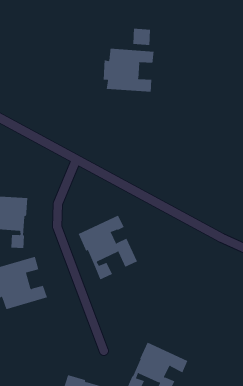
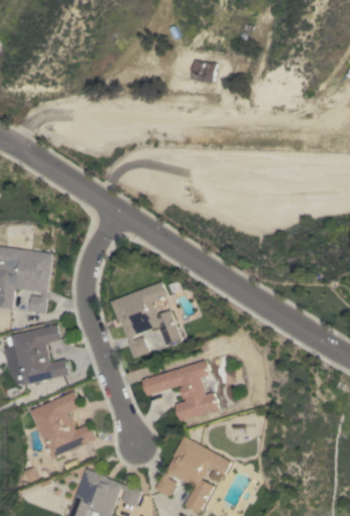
building: [103,48,154,93] -> none
building: none -> [142,361,218,421]
building: none -> [30,391,95,459]

